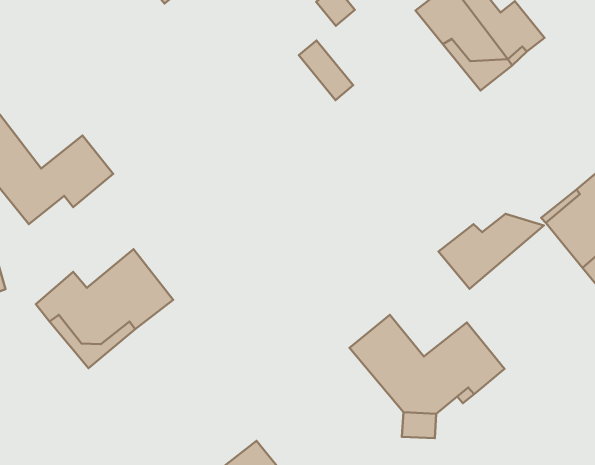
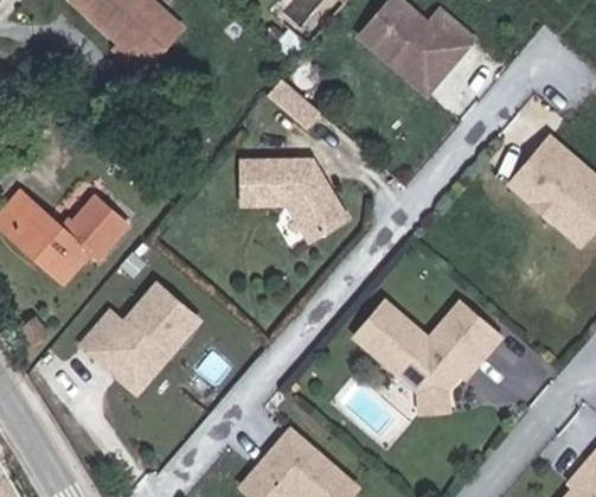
building: none -> [238,153,344,240]
building: [439,214,544,289] -> none

